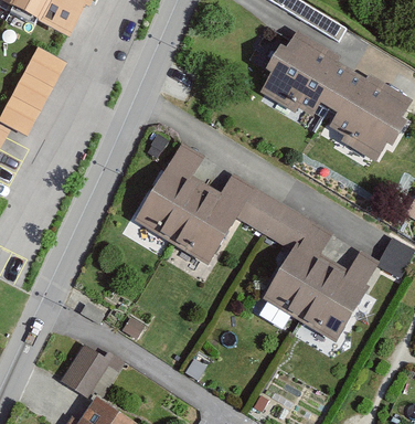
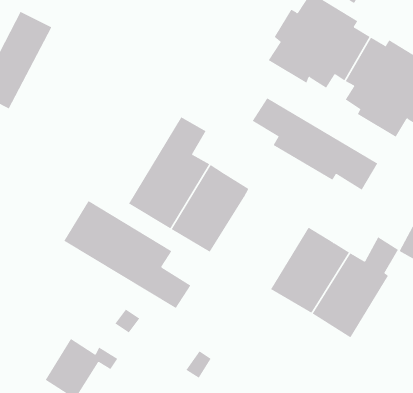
building: [220,172,333,256] -> [252,97,378,190]
building: none -> [63,200,191,309]

